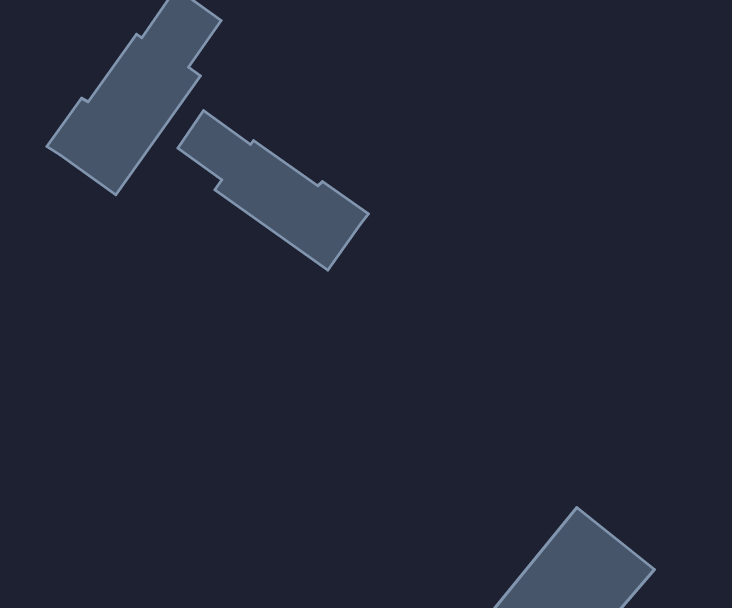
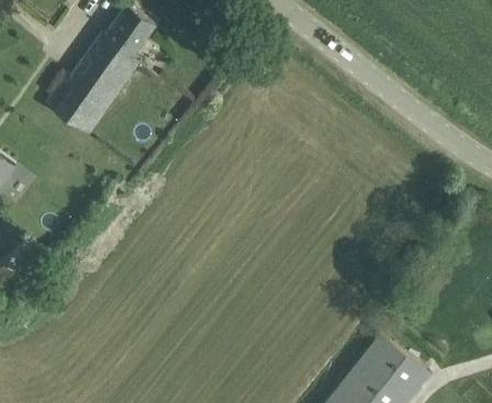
building: [178,111,369,270] -> none

